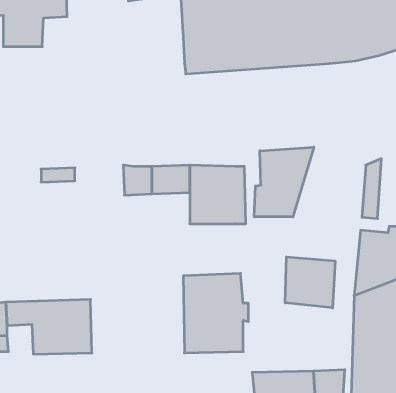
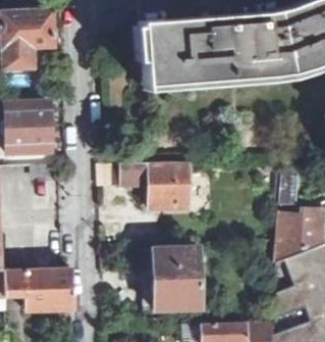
building: none -> [6,102,51,151]
building: [254,147,314,217] -> none
building: [285,257,335,308] -> none

